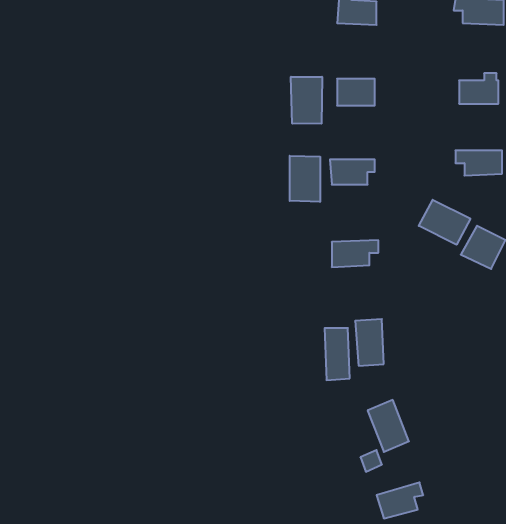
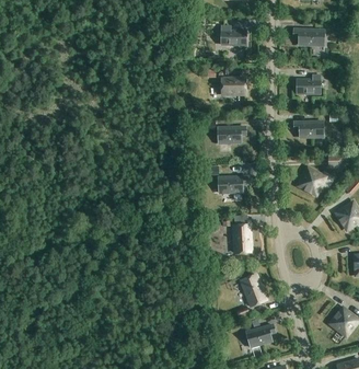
building: [291,77,322,124] -> none
building: [290,156,320,202] -> none
building: [419,200,470,245] -> none

